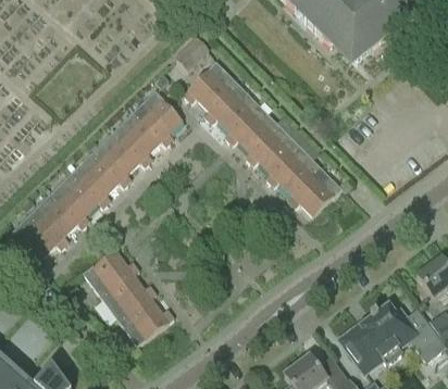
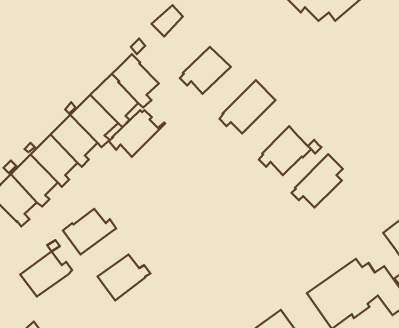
building: [185,60,237,108] -> none
building: [226,101,285,150] -> [109,110,165,157]
building: [267,136,321,191] -> [292,154,343,208]
building: [102,273,157,319] -> [20,251,72,296]

